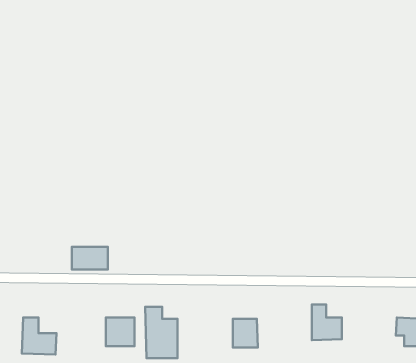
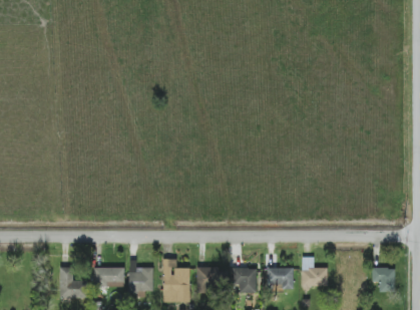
building: [72,247,108,269] -> [93,267,123,286]
building: none -> [195,267,219,289]
building: none -> [267,267,293,288]

